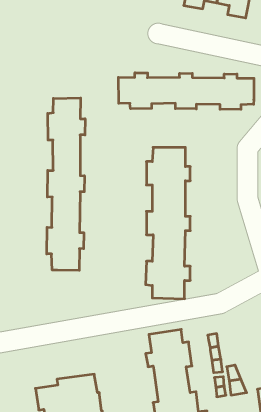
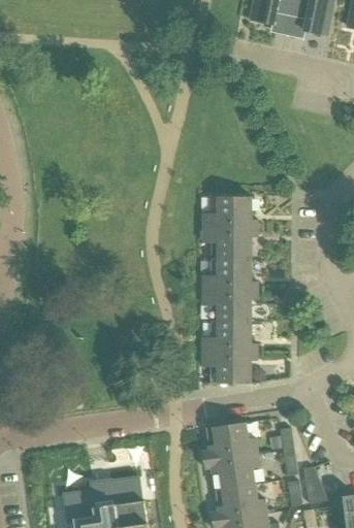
building: [118,73,254,109] -> none
building: [47,98,85,270] -> none

